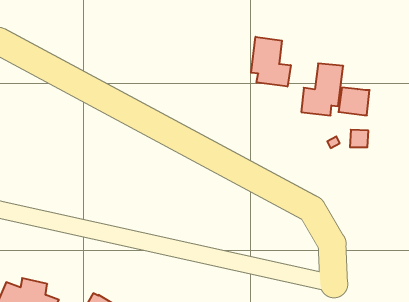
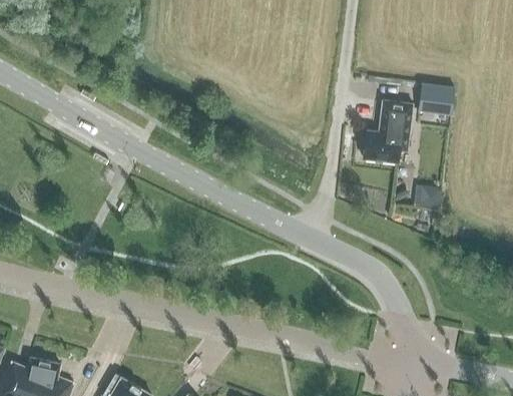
building: [251,37,291,87] -> none
building: [338,88,370,115] -> [418,84,455,117]

